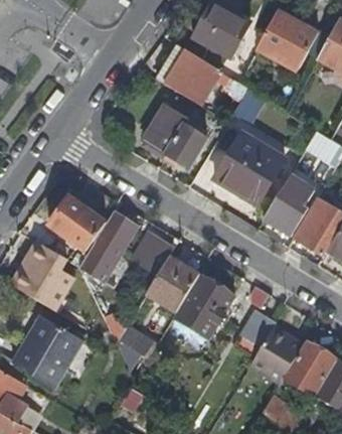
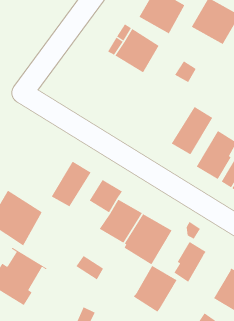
building: [144,106,208,168] -> none
building: [214,133,262,190] -> none
building: [49,195,106,251] -> none
building: [250,326,305,384] -> [133,265,178,312]

